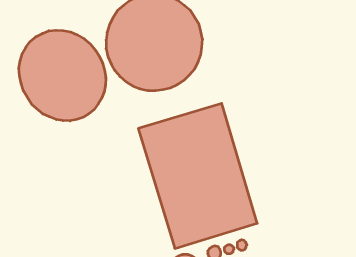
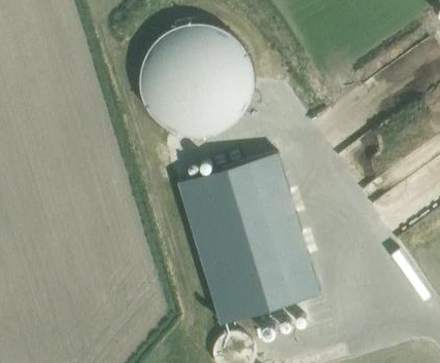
building: [19,30,106,121] -> none

